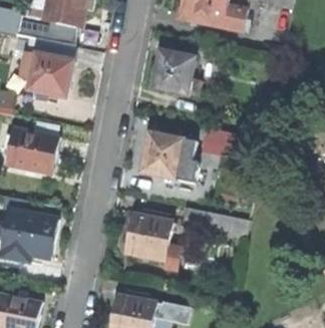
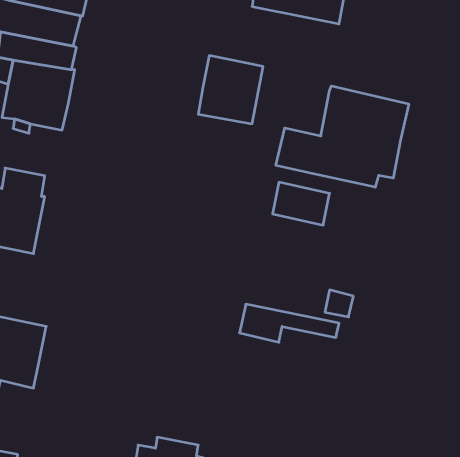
building: none -> [276,86,409,187]
building: [140,134,190,183] -> none
building: [124,215,181,272] -> none

